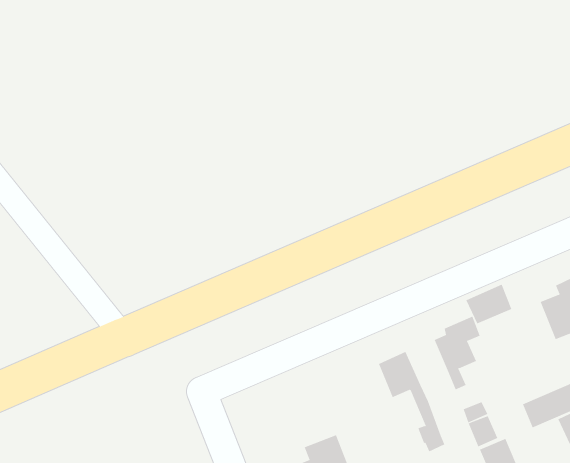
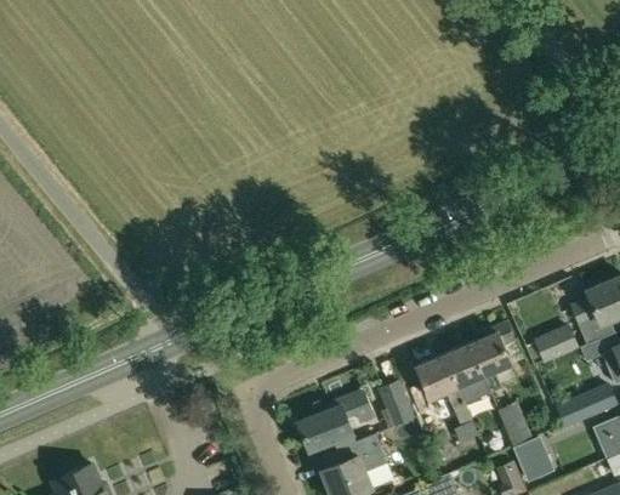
building: [466,284,512,324] -> [533,324,578,363]
building: none -> [443,343,483,387]
building: none -> [377,380,414,427]
building: none -> [297,391,374,450]

